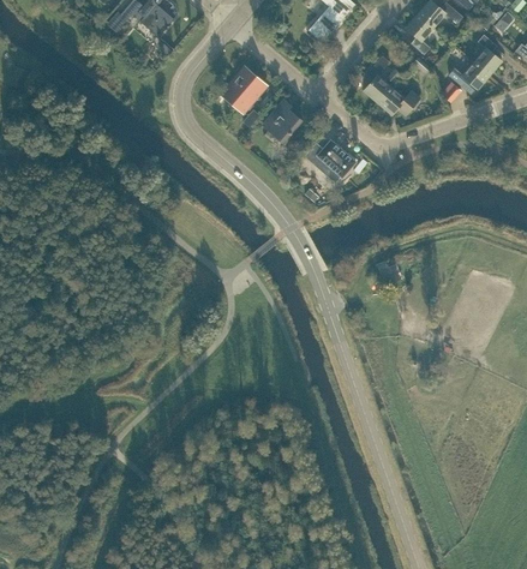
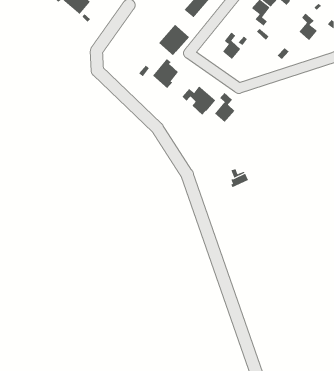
building: [449,62,490,90] -> none
building: [221,67,267,114] -> [158,24,190,56]
building: [378,88,420,115] -> none
building: none -> [214,92,235,123]

